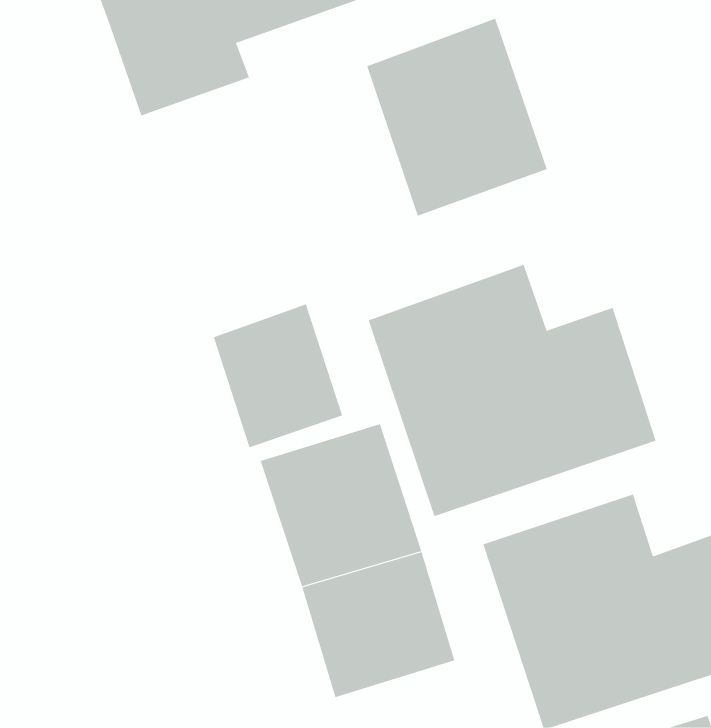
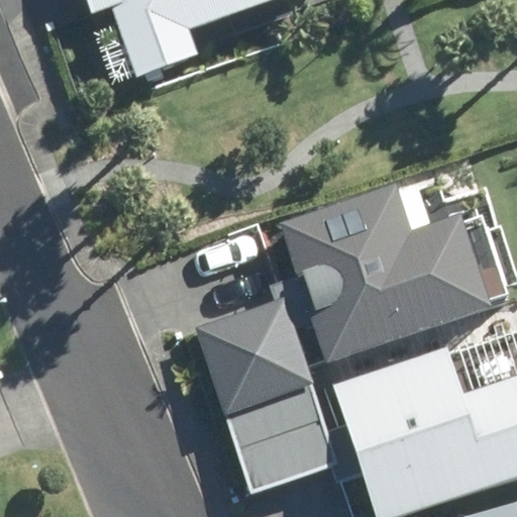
building: [367,18,548,216] -> none
building: [213,304,343,448] -> none

